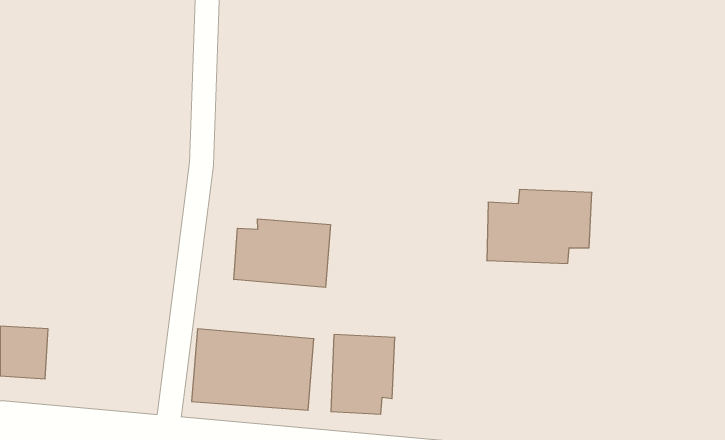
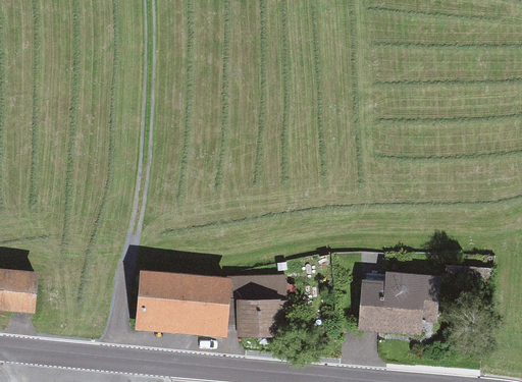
building: [487,190,592,263] -> [359,276,434,329]
building: [234,219,330,287] -> none

